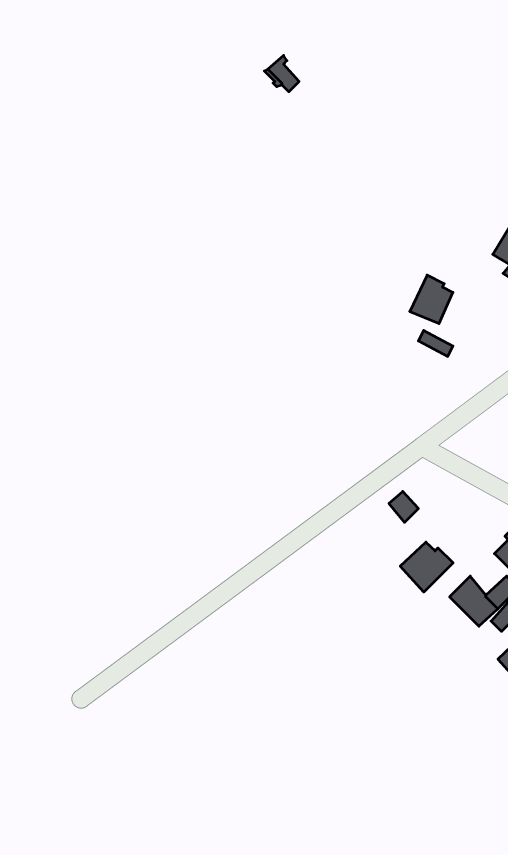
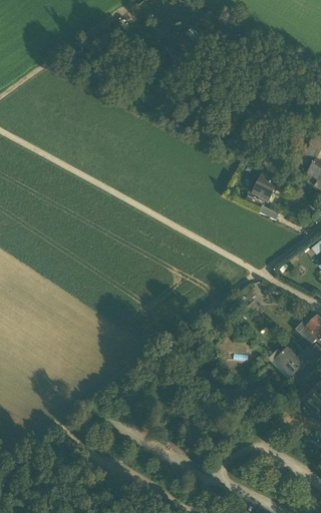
building: [400,542,453,592] -> none

